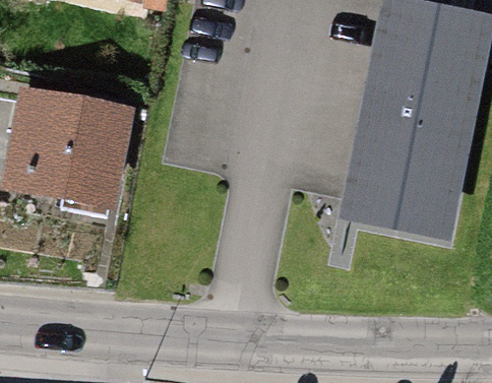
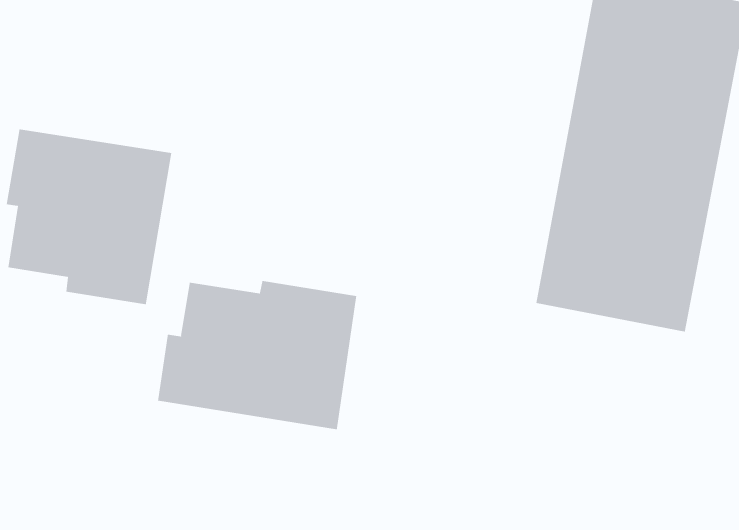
building: none -> [158,280,357,430]

